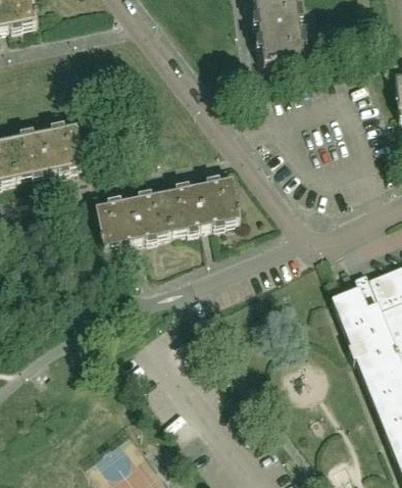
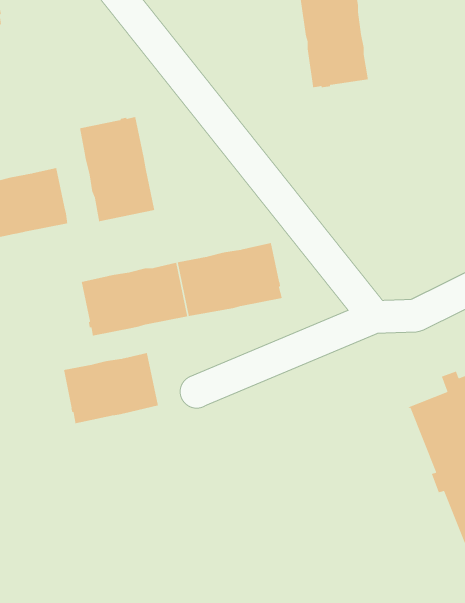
building: none -> [79,116,155,222]
building: none -> [63,352,159,424]

